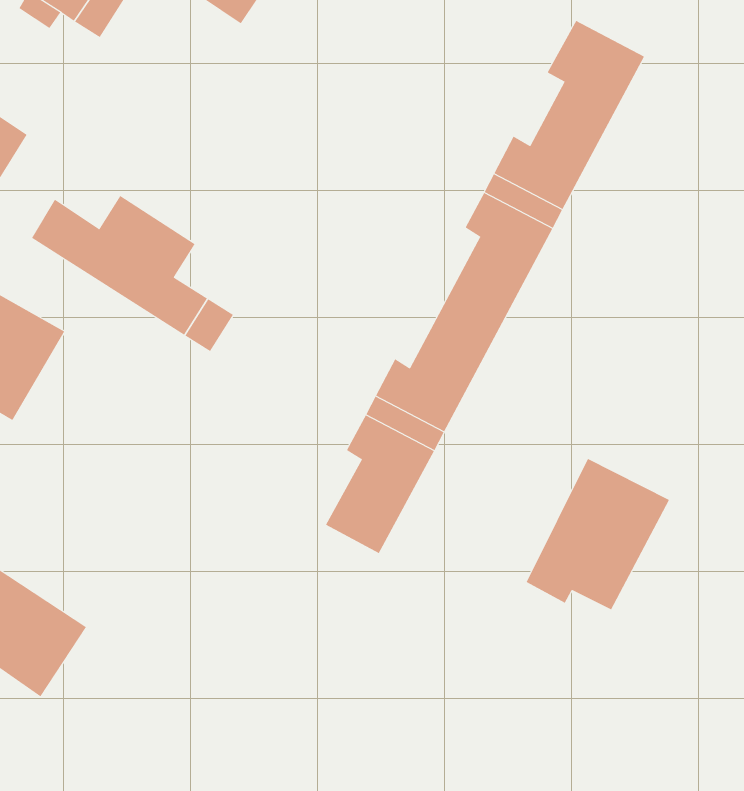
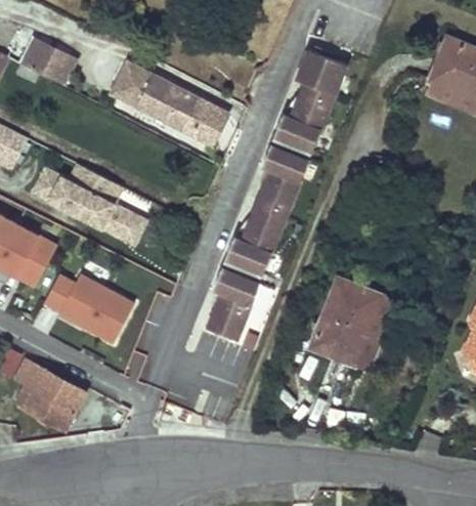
building: none -> [126,70,226,142]
building: none -> [41,265,135,342]
building: none -> [333,295,394,369]

